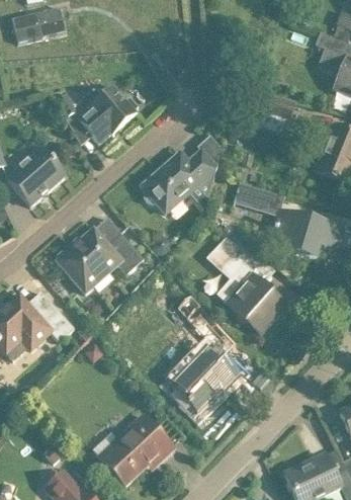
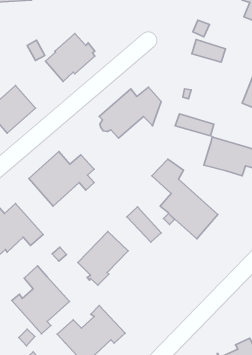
building: [174,345,235,410] -> [78,232,128,285]
building: none -> [12,266,70,334]

